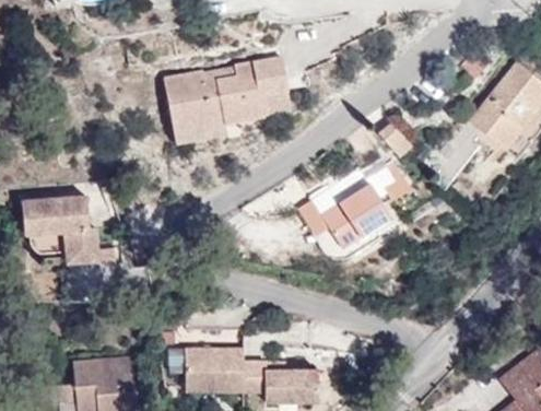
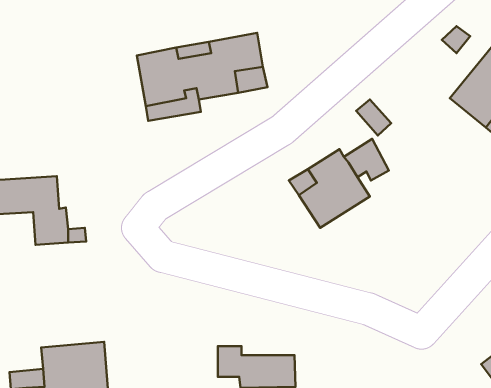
building: [185,348,243,391] -> none

